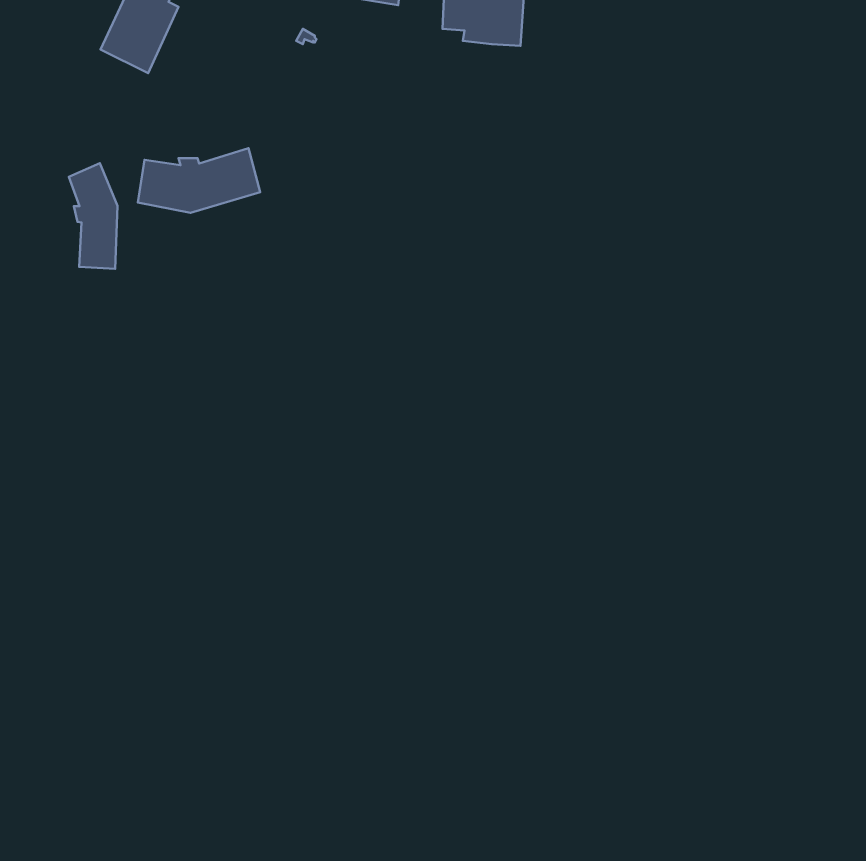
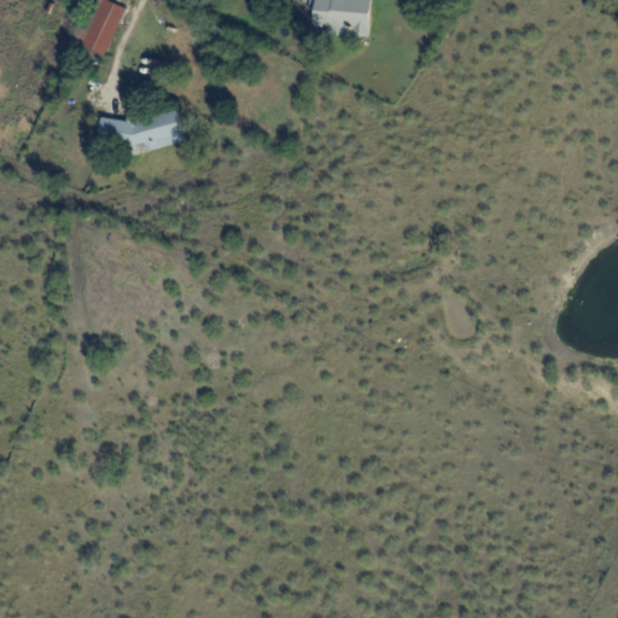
building: [69,163,118,269] -> none

